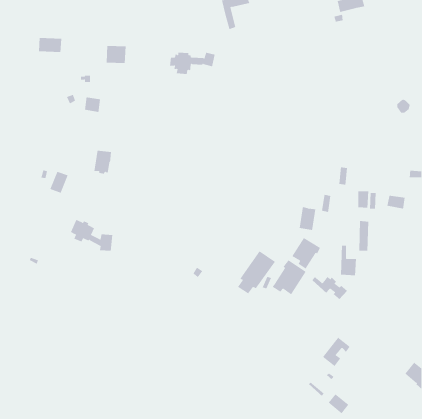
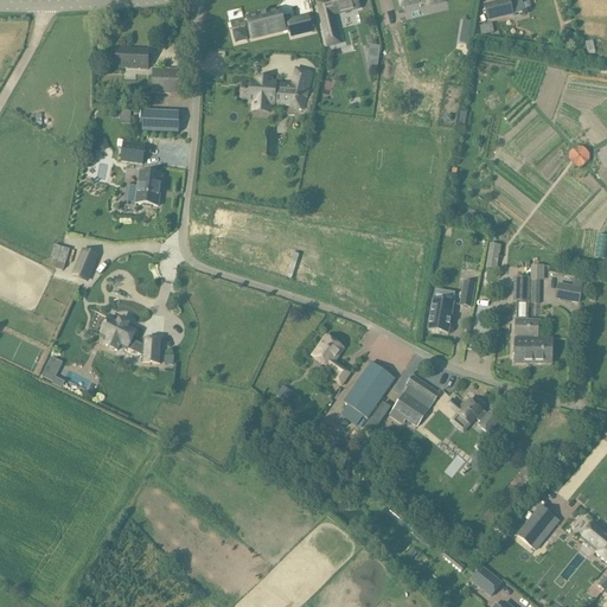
building: none -> [247,6,312,36]
building: [38,38,62,52] -> [115,45,149,66]
building: none -> [142,109,179,130]
building: [94,150,112,174] -> [135,170,161,204]
building: none -> [313,332,351,382]
building: [292,237,321,269] -> none
building: [340,245,357,276] -> [529,318,552,362]
building: [322,337,350,367] -> [518,504,558,547]

